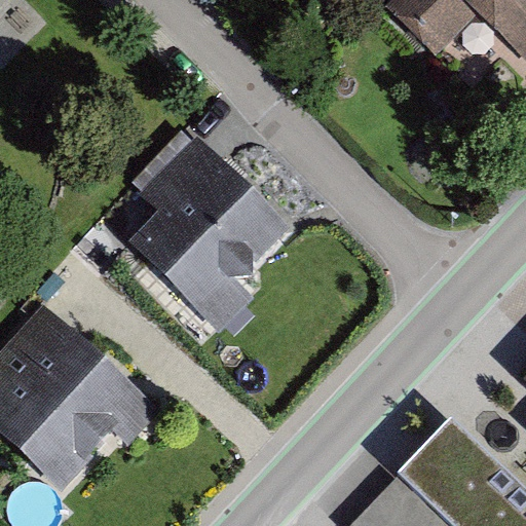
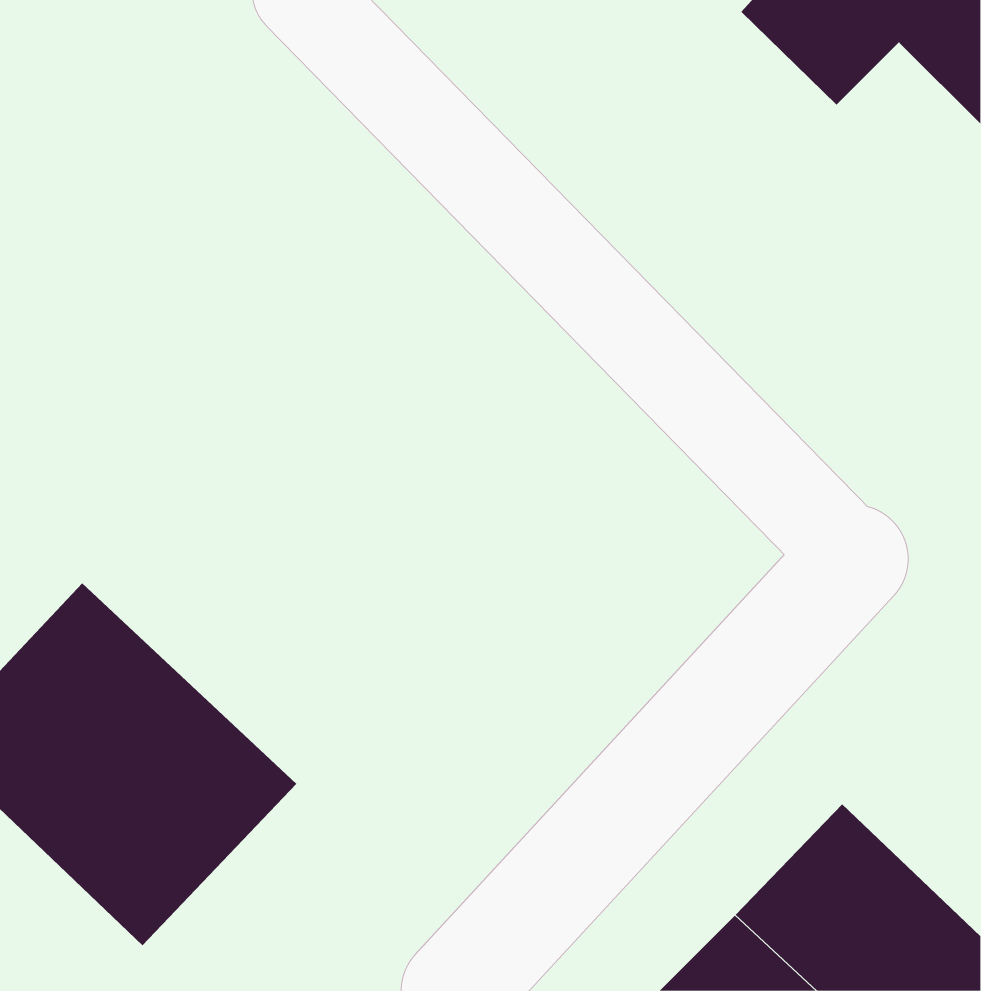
building: [134,138,300,322] -> none

